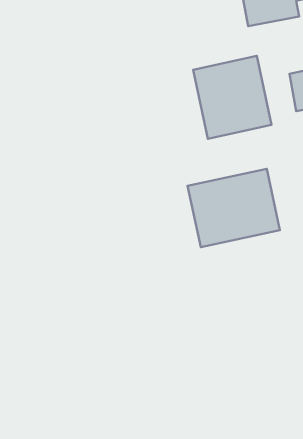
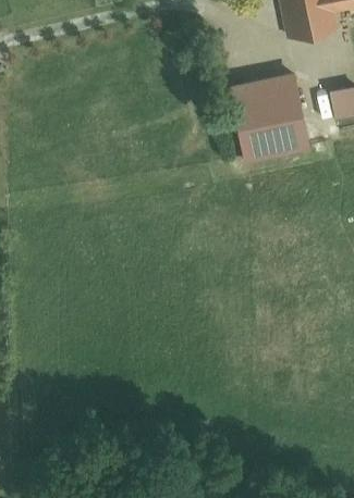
building: [188,169,280,247] -> none

